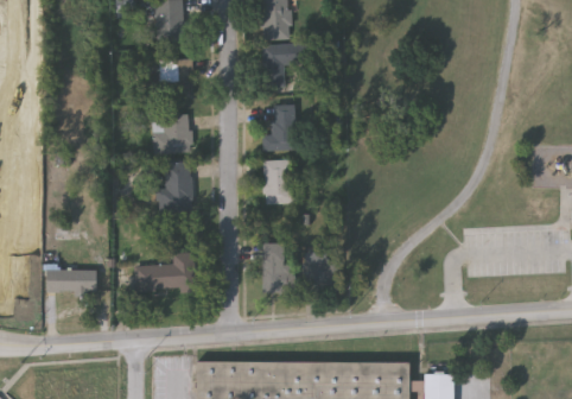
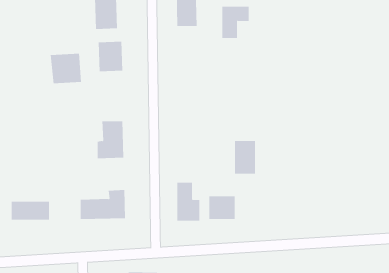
building: [262,43,299,86] -> [221,6,249,39]
building: [262,103,297,150] -> none
building: [151,113,192,153] -> [50,53,82,84]
building: [263,159,292,203] -> [234,141,256,174]

